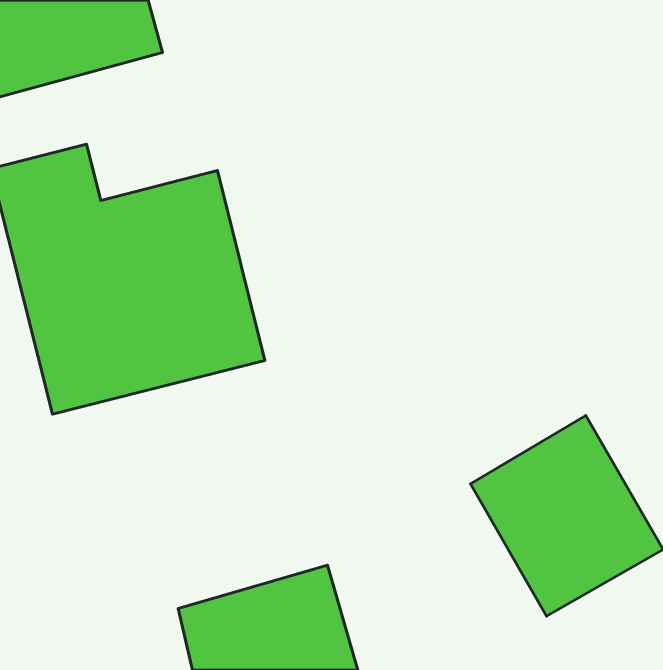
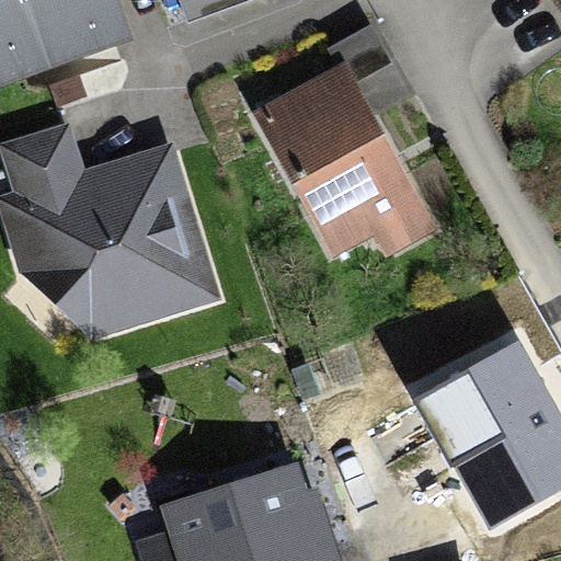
building: none -> [261,61,439,275]

